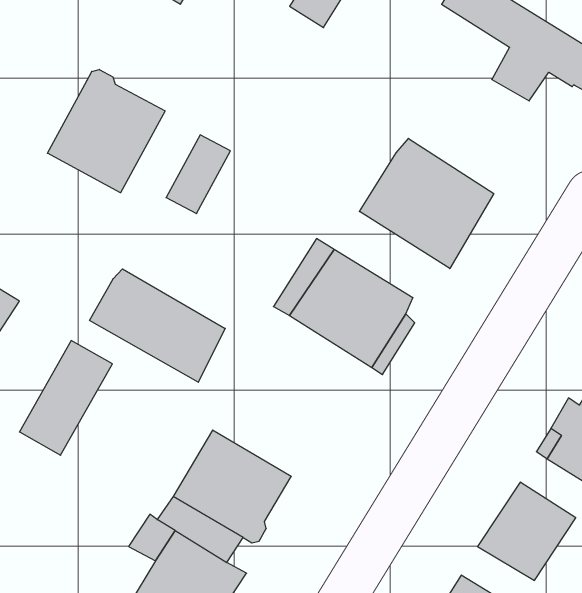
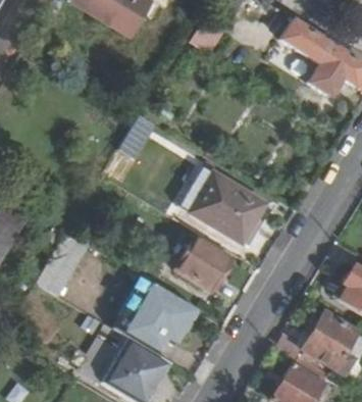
building: [47,69,165,193] -> none
building: [359,138,494,269] -> none
building: [90,269,225,382] -> none
building: none -> [177,237,230,289]

